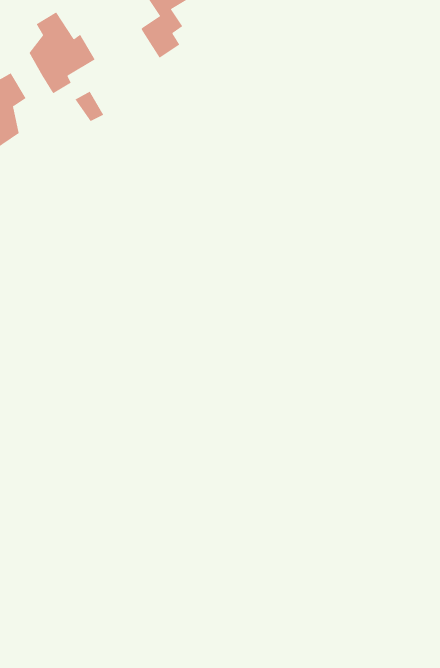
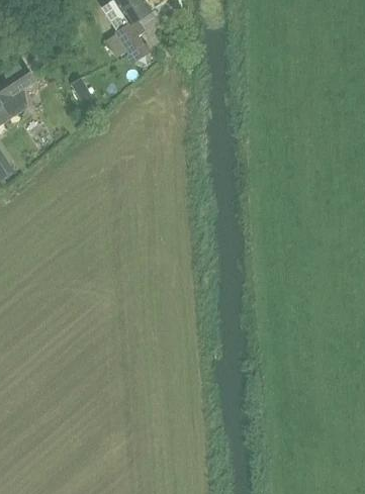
building: [29,11,96,94] -> none

